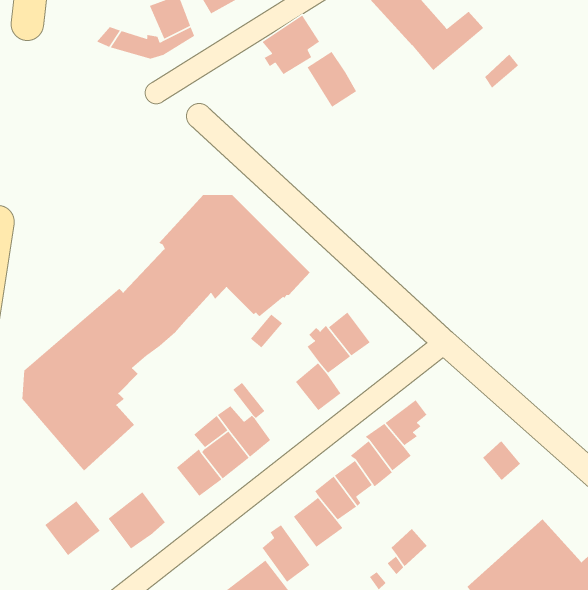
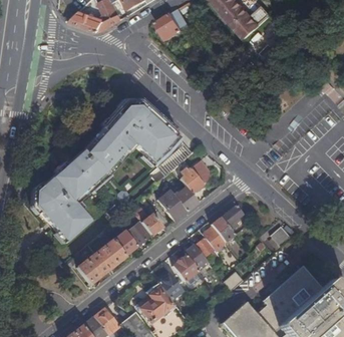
building: [306,51,357,108] -> none
building: none -> [154,191,184,222]
building: [44,500,101,556] -> [93,241,122,270]

